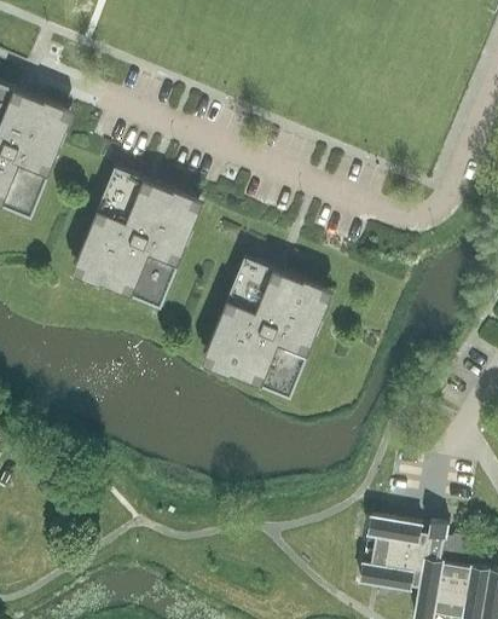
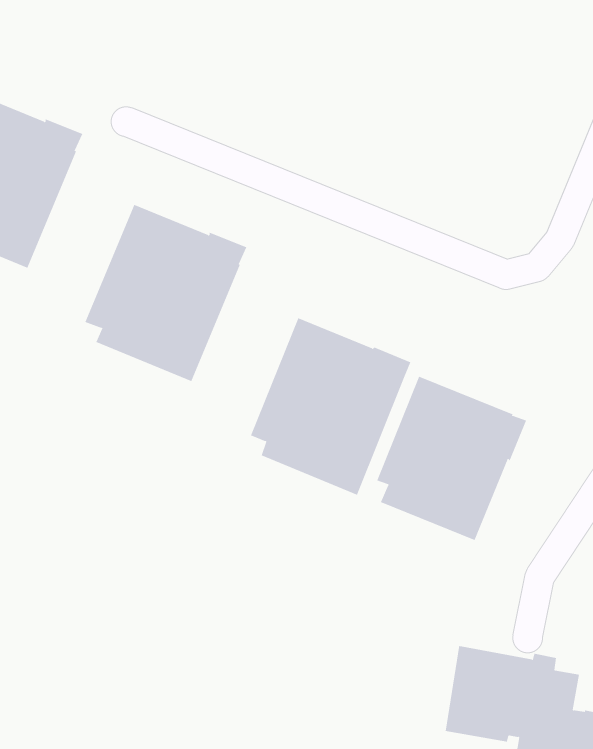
building: none -> [377,376,527,541]

